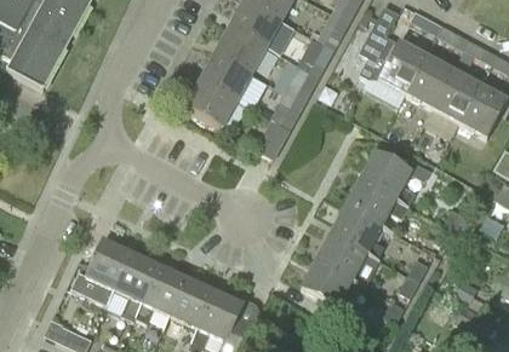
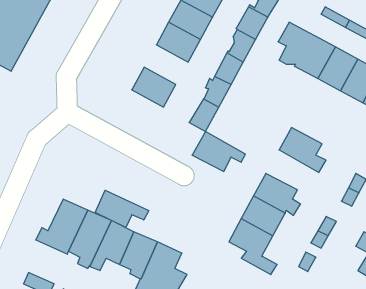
building: [200,56,252,103] -> none
building: [344,180,407,227] -> [192,132,245,171]
building: none -> [95,190,149,228]

